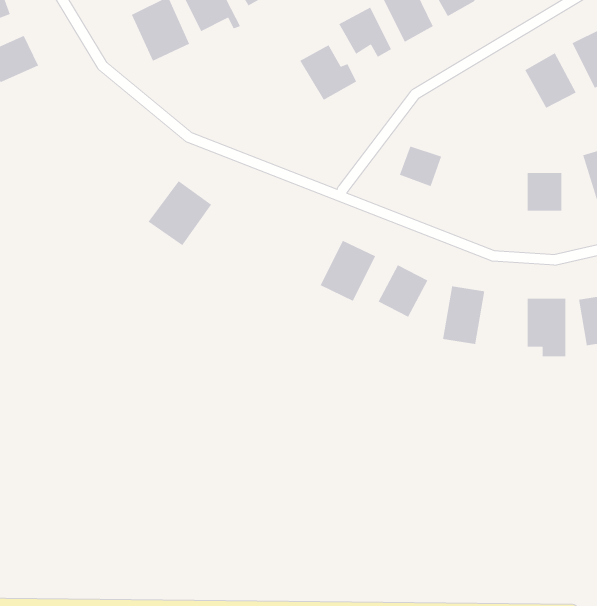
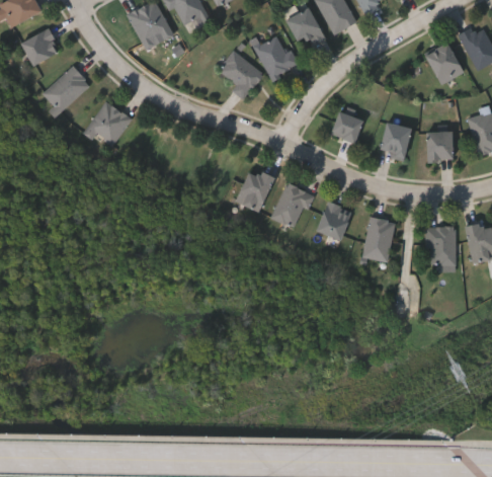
building: none -> [219,50,264,99]
building: none -> [42,66,90,116]
building: none -> [381,123,409,160]
building: [148,180,212,246] -> [83,100,132,150]
building: none -> [236,169,272,212]

